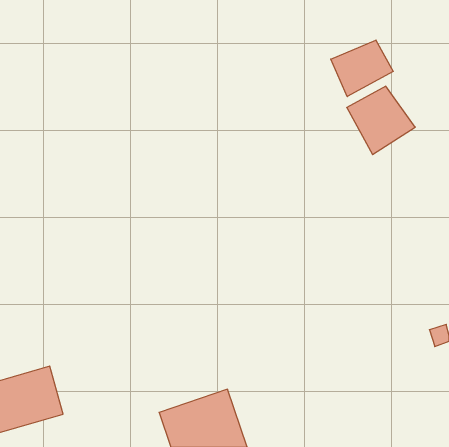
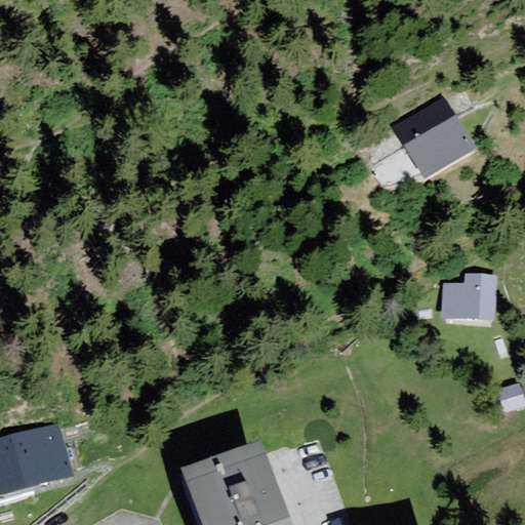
building: [331,40,393,97] -> none
building: none -> [437,273,493,323]

